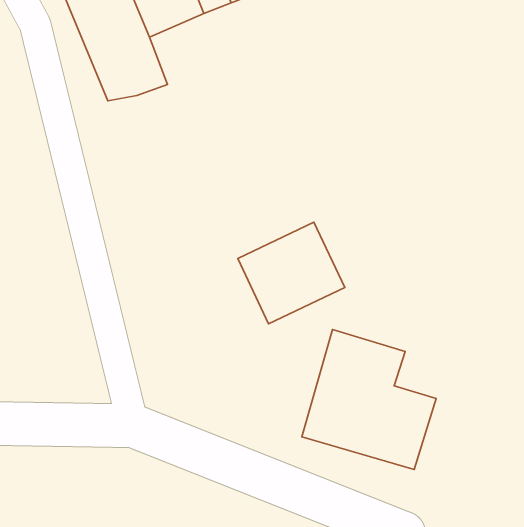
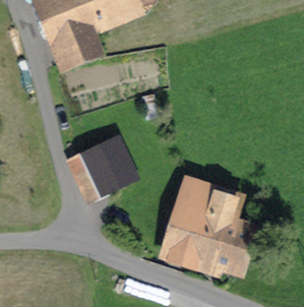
building: [238,222,345,324] -> [69,141,129,198]

